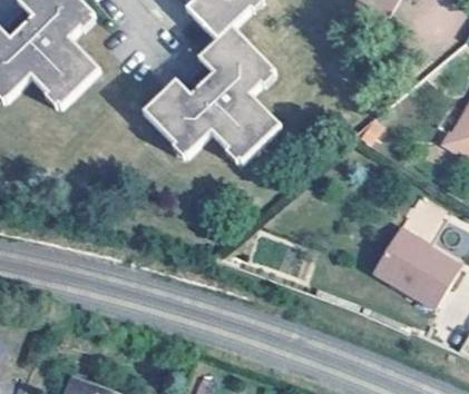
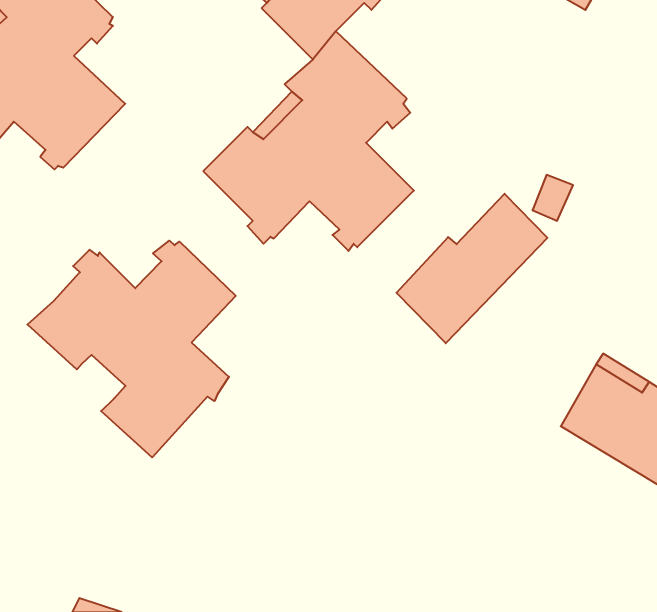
building: none -> [396,194,547,343]
building: none -> [27,241,236,457]

